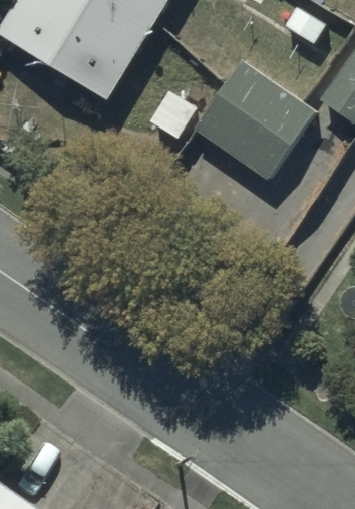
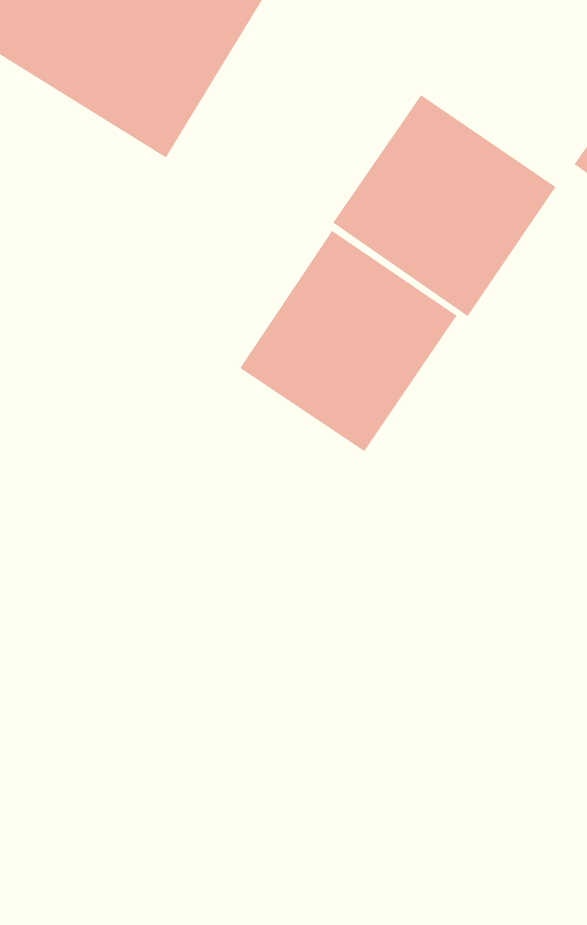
building: none -> [239,230,458,452]

